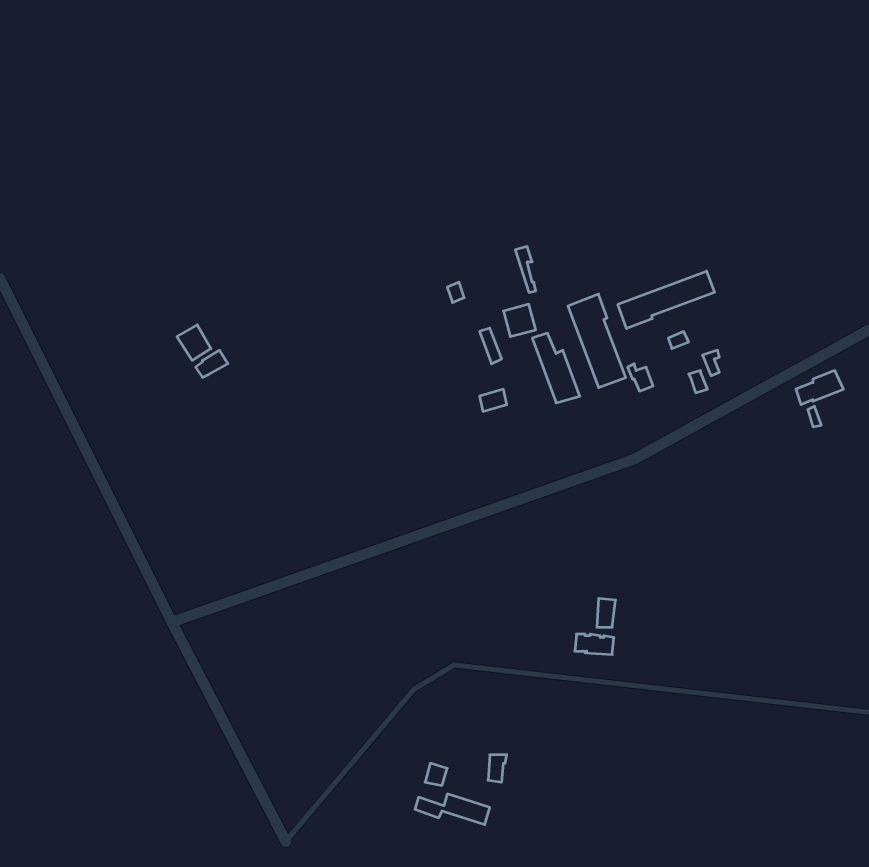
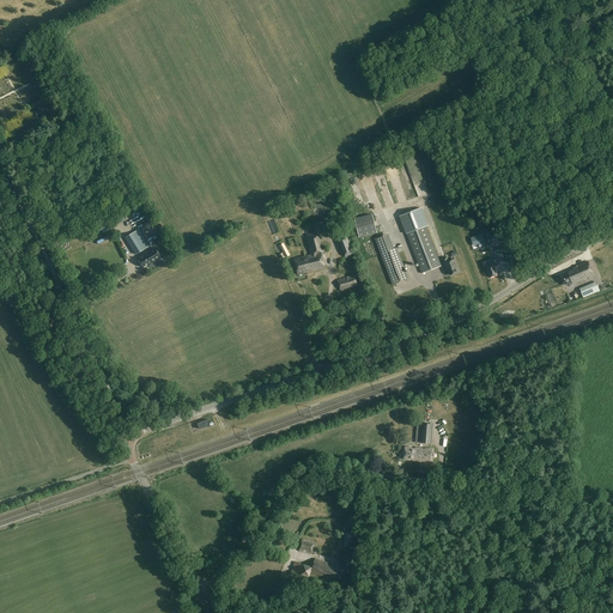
building: [618,271,715,329] -> none
building: none -> [293,231,324,274]

